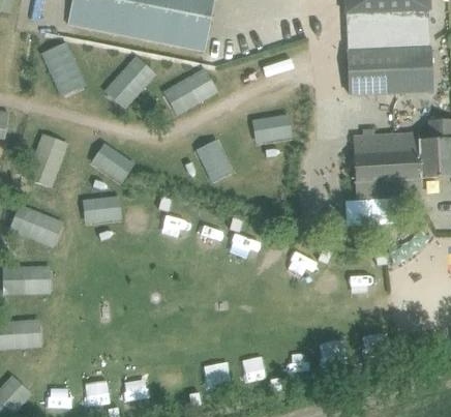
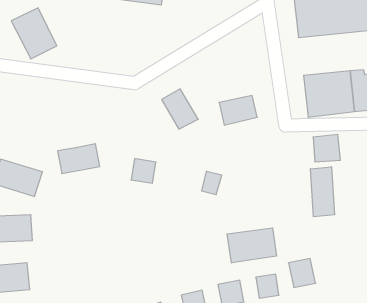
building: [102,54,157,110] -> none
building: [161,65,219,115] -> none
building: [252,115,293,145] -> [219,96,257,125]
building: [25,133,69,191] -> none
building: [91,142,136,182] -> none
building: none -> [310,167,334,217]
building: none -> [227,228,276,263]

